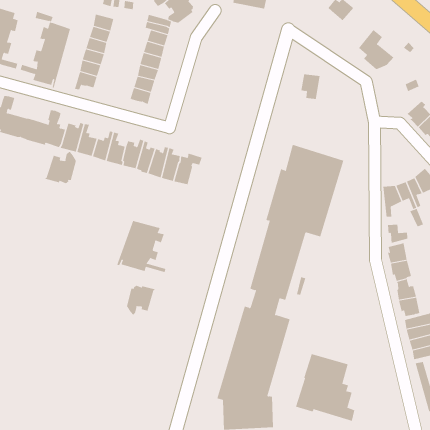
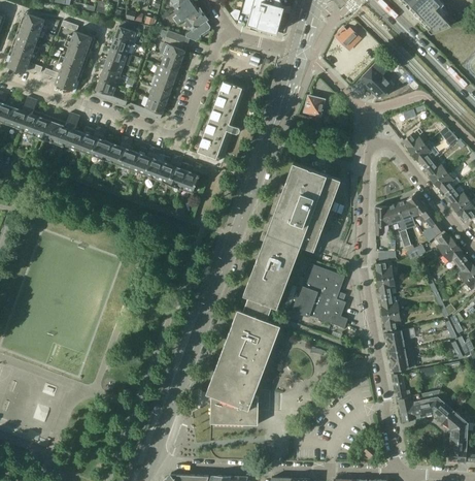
building: none -> [200,82,242,162]
building: [44,151,76,184] -> none
building: [117,220,166,273] -> none
building: [127,285,156,316] -> none
building: [295,354,355,421] -> [293,263,348,329]

